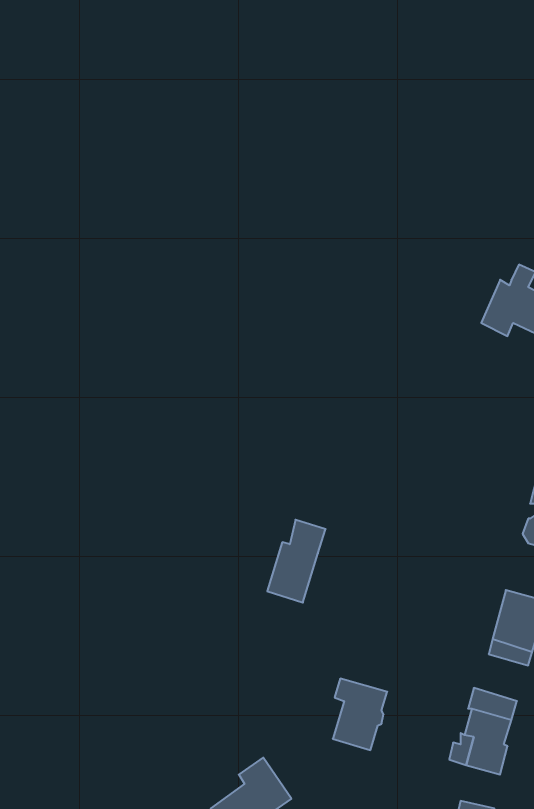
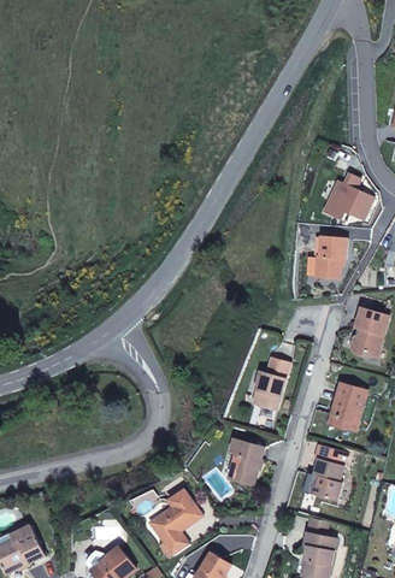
building: none -> [316,236,347,278]
building: [267,520,326,603] -> [253,356,290,409]

